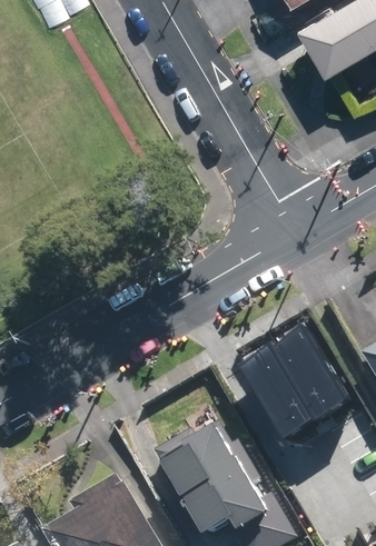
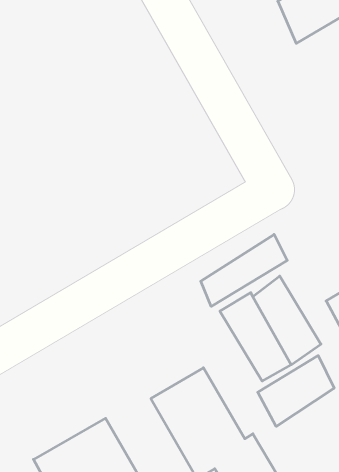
building: none -> [201,234,287,306]
building: none -> [258,356,334,426]

